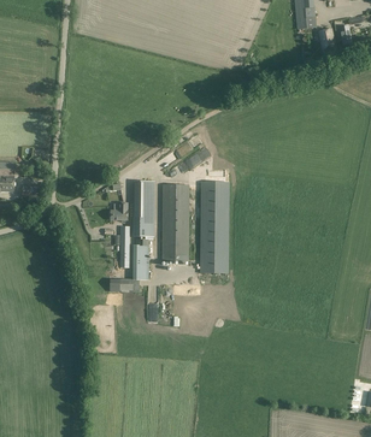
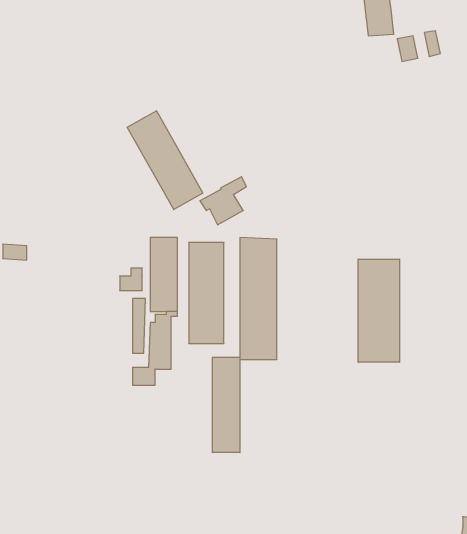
building: none -> [127,111,203,210]
building: none -> [358,259,400,362]
building: none -> [212,357,240,453]

